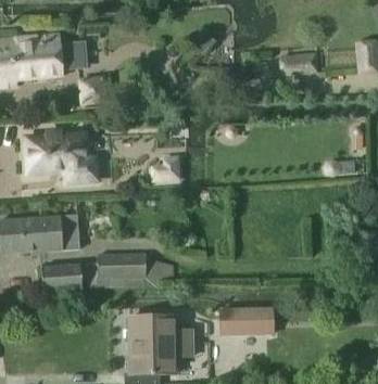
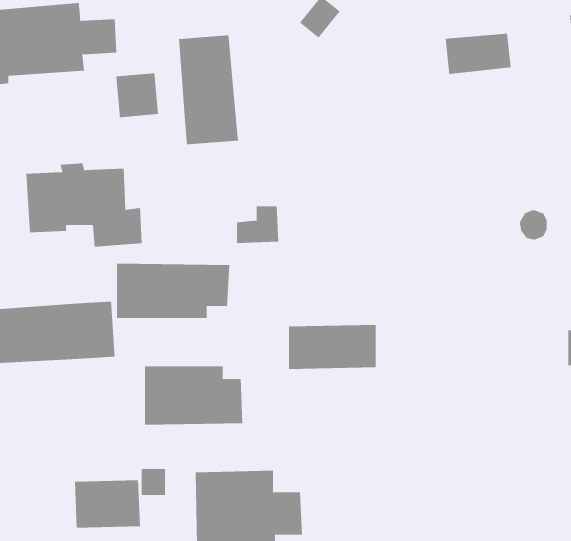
building: none -> [178,35,238,145]
building: none -> [116,263,230,319]
building: [42,263,83,292] -> [74,480,141,528]
building: [221,308,274,335] -> [288,324,376,369]

